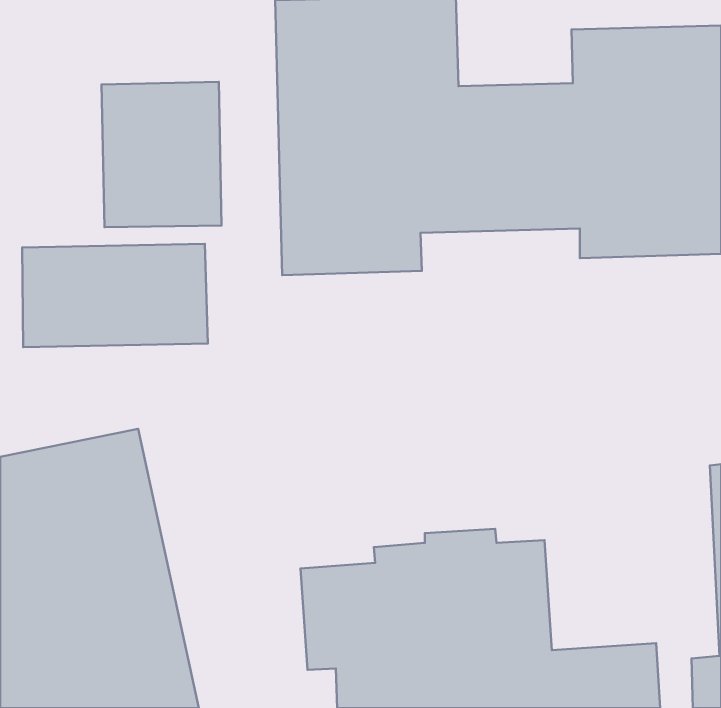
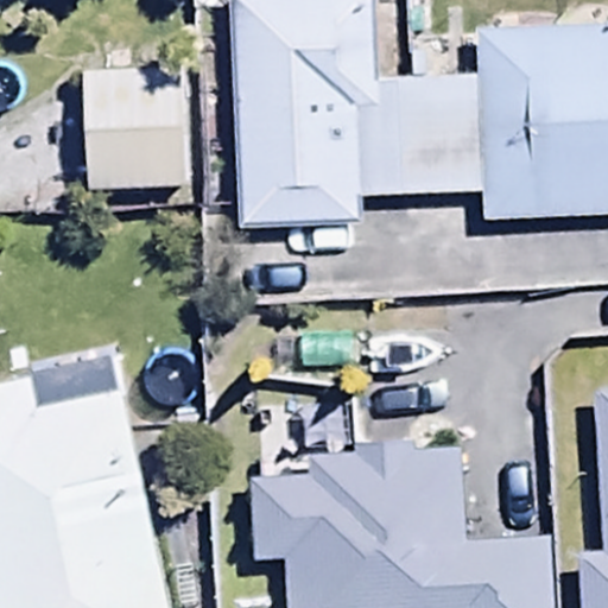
building: [22,244,208,347] -> none

